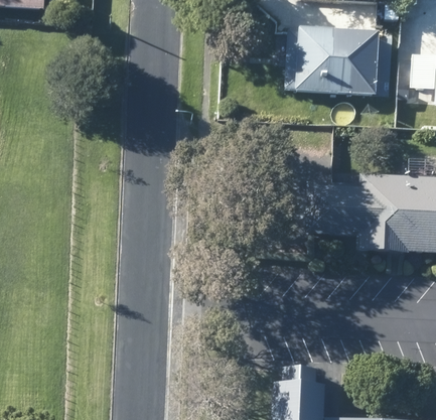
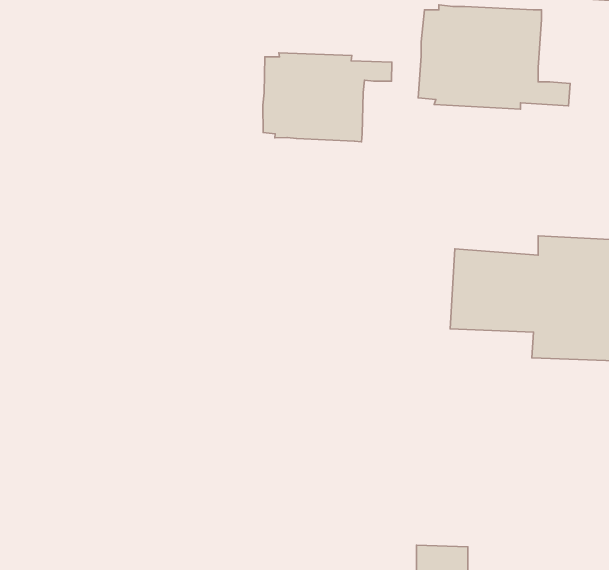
building: none -> [263,53,392,142]

